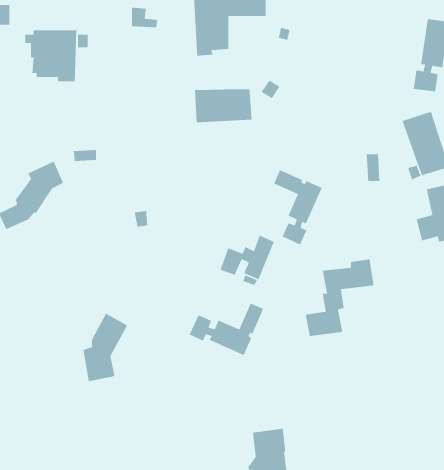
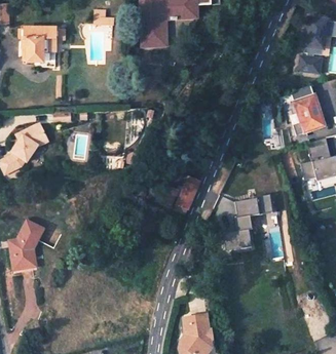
building: [194,88,253,123] -> none
building: [273,169,323,246] -> none
building: [188,302,264,356] -> none
building: [83,313,128,382] -> [10,221,43,271]

